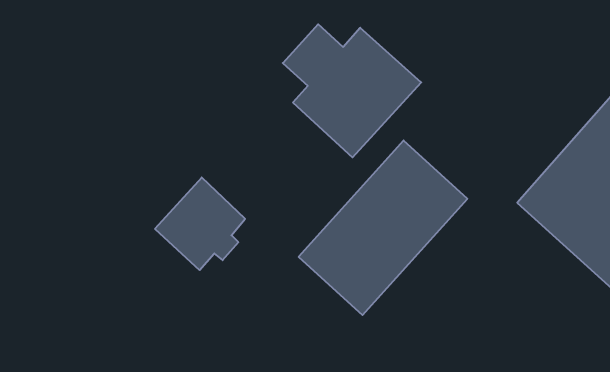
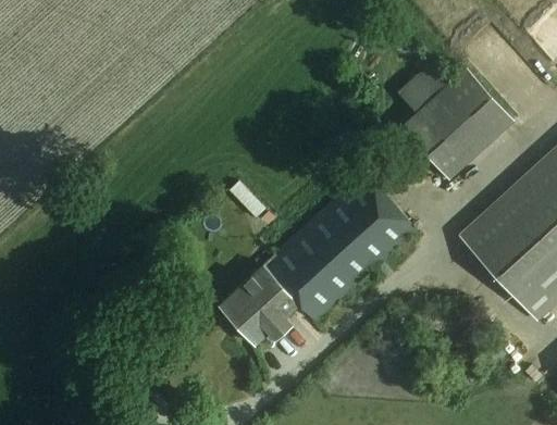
building: [283,24,421,157] -> [398,63,516,180]
building: [155,177,245,270] -> [221,265,299,345]

